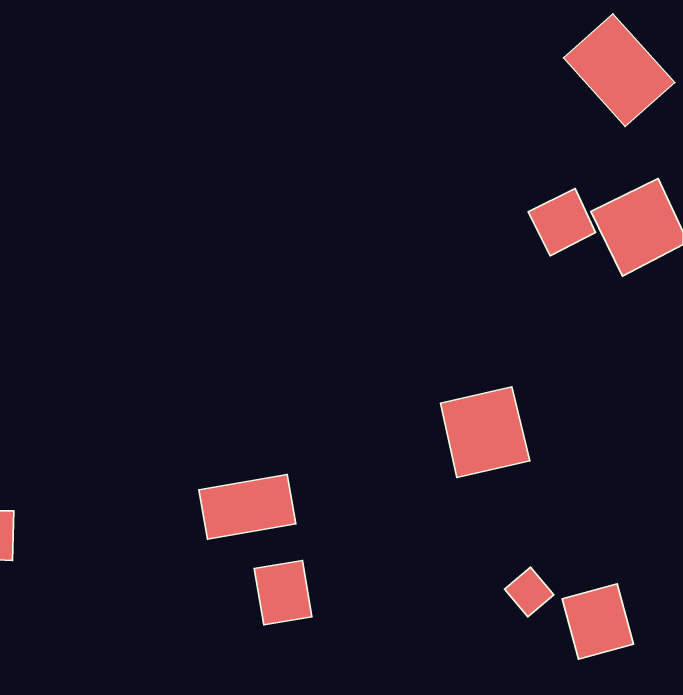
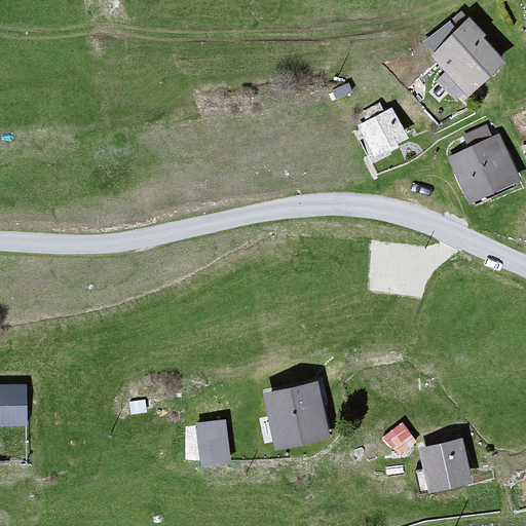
building: [528,189,596,256] -> [358,108,408,158]
building: [440,387,530,477] -> [267,382,334,450]
building: [199,475,296,539] -> none

